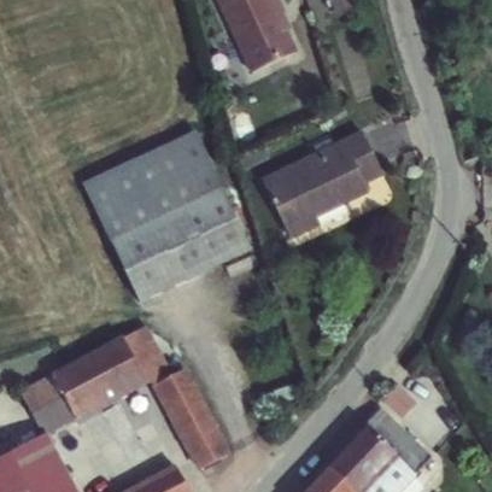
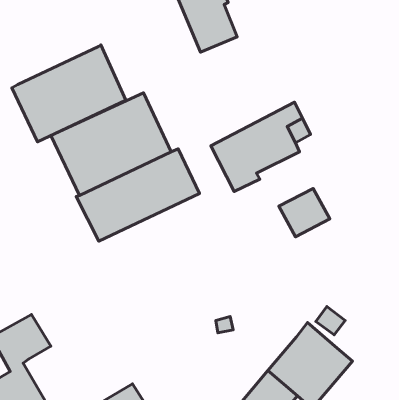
building: none -> [12,45,126,142]
building: none -> [279,188,330,237]
building: [54,332,228,470] -> none

